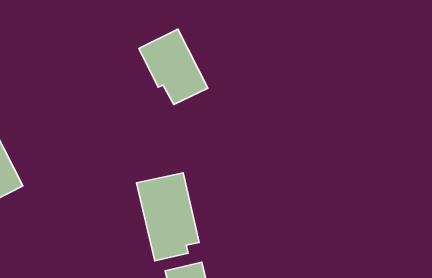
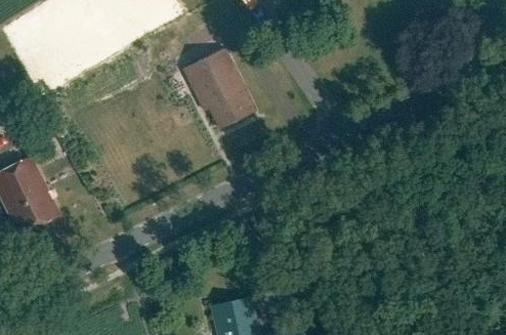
building: [137,173,199,261] -> none

